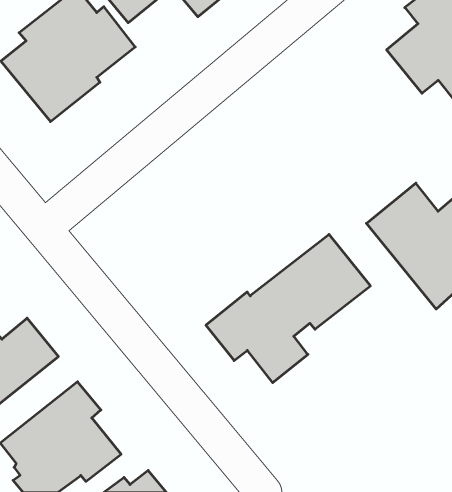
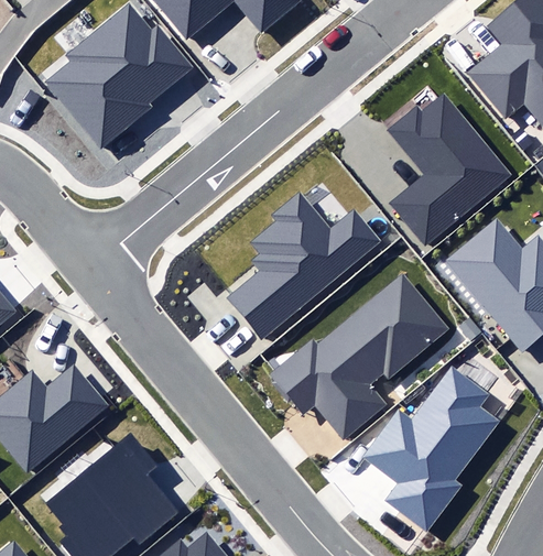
building: none -> [385,94,511,244]
building: none -> [229,190,382,339]
building: none -> [363,367,500,535]

